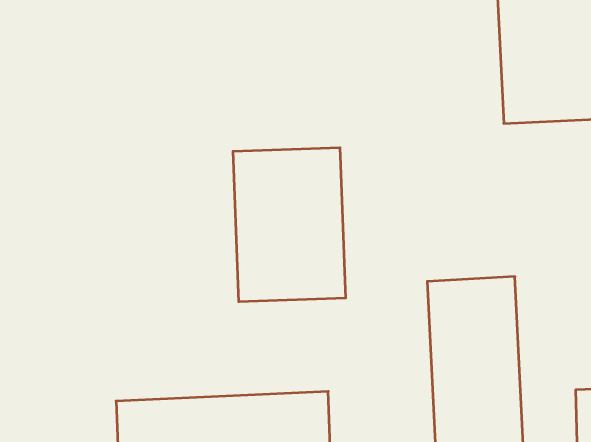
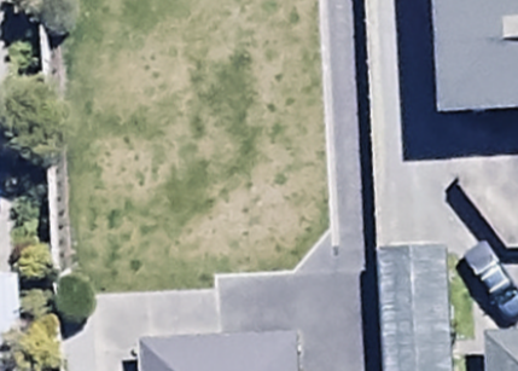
building: [233,148,346,302] -> none

